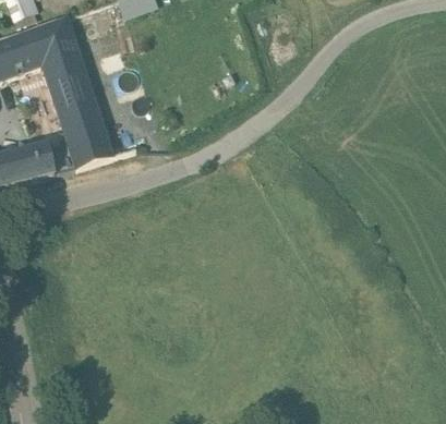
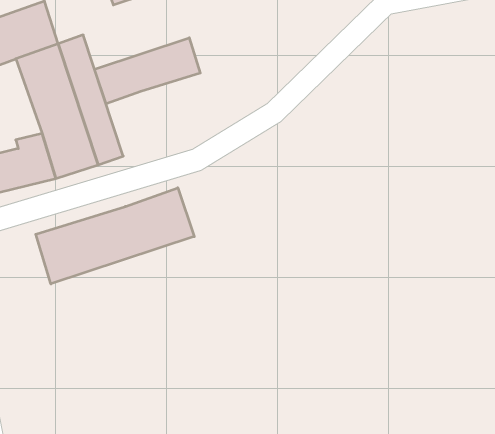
building: none -> [94,38,200,104]
building: none -> [36,188,194,284]

